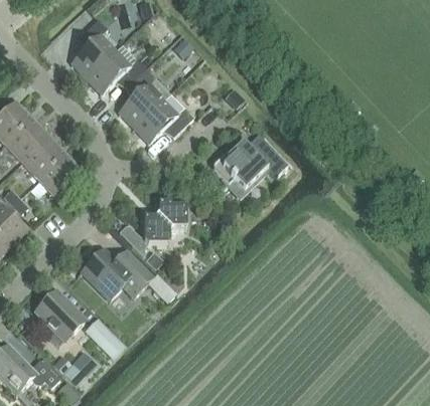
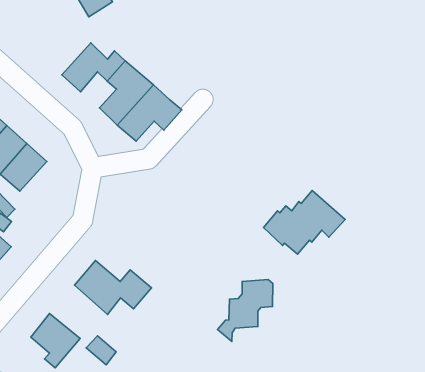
building: [69,18,114,76] -> none
building: [210,135,286,192] -> [264,191,345,254]
building: [37,155,82,198] -> none
building: [131,201,185,255] -> [218,279,273,342]

